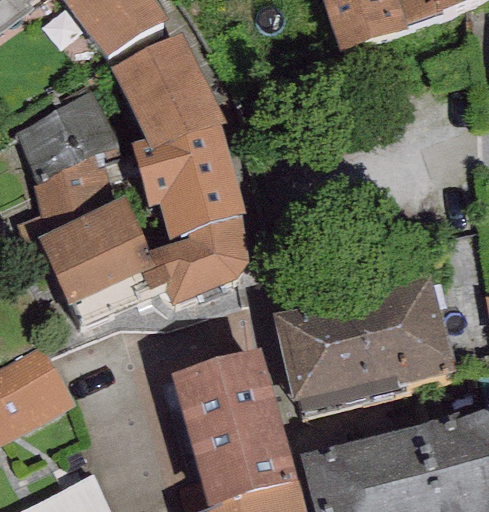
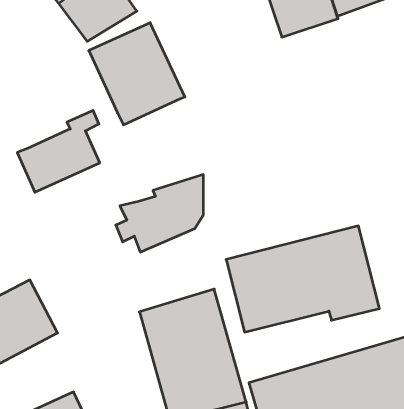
building: [18,89,116,186] -> none
building: [132,127,247,249] -> none
building: [38,203,156,310] -> none

